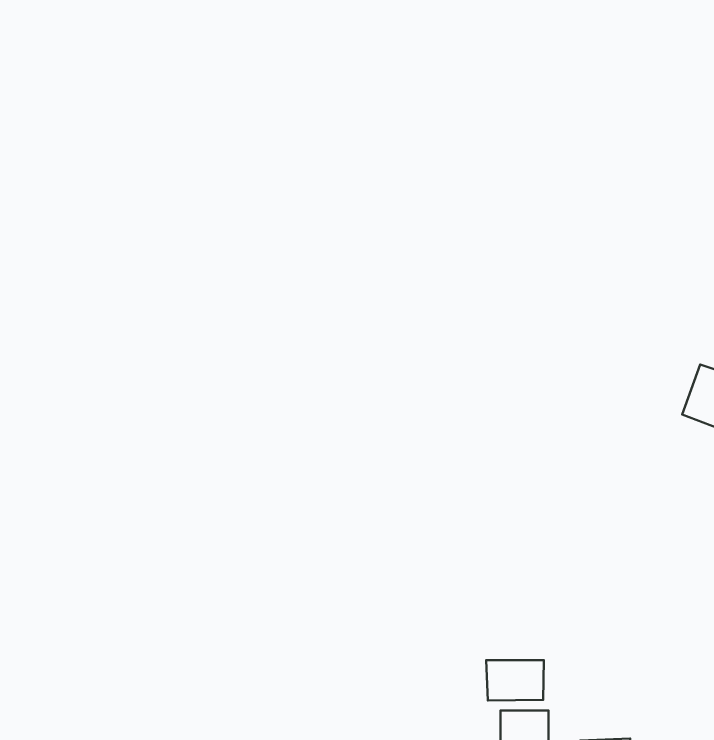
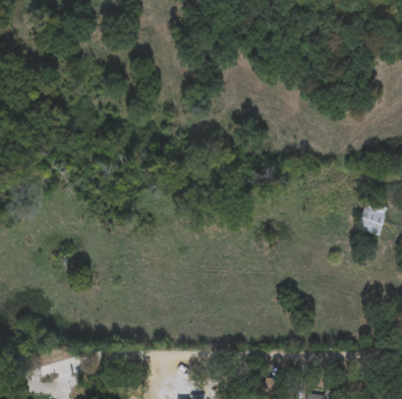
building: [486,660,544,700] -> none

